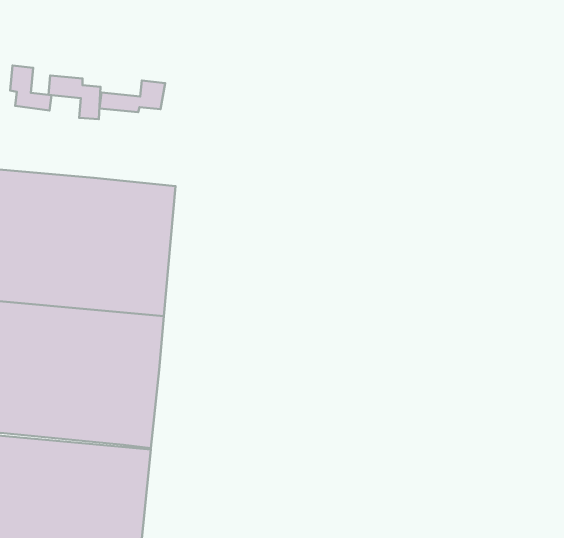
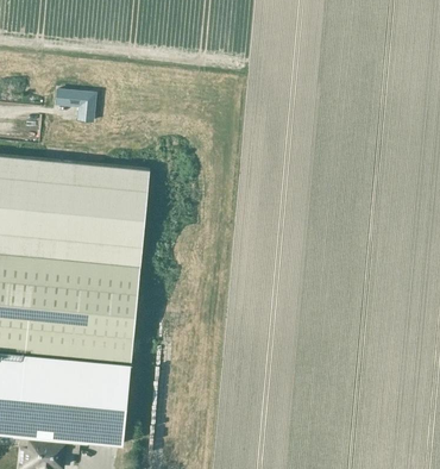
building: [10,65,51,110] -> none
building: [99,81,165,112] -> none

